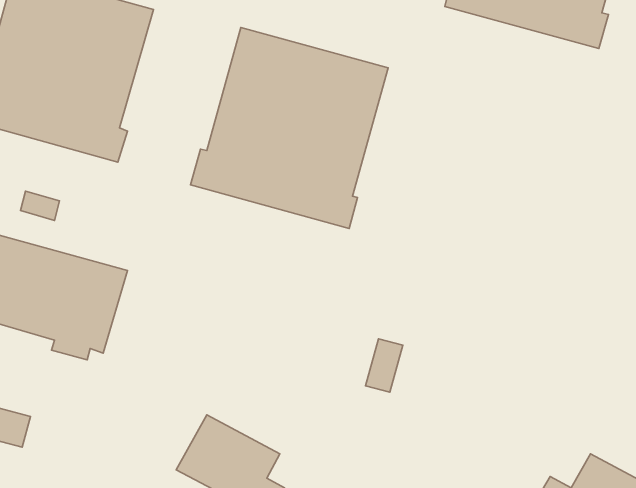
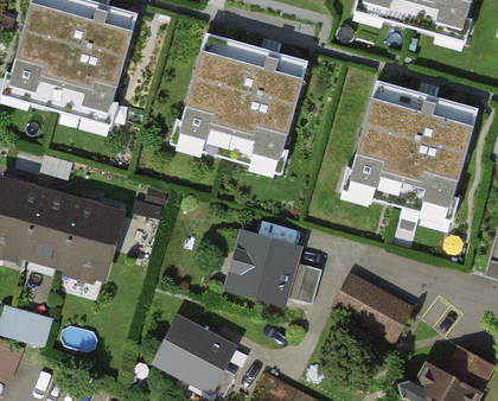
building: none -> [337,82,479,229]
building: none -> [228,230,296,299]
building: none -> [333,272,409,335]

